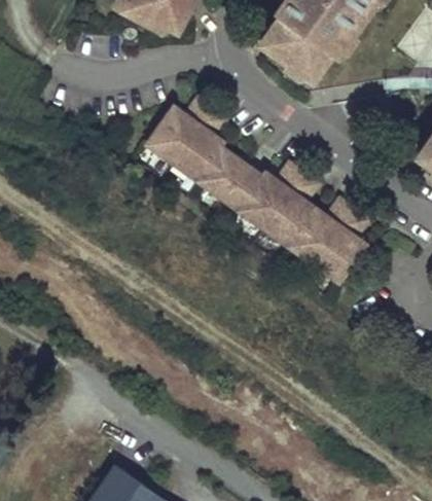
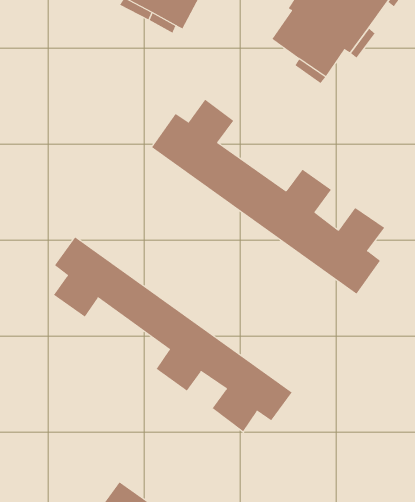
building: none -> [53,237,292,432]

